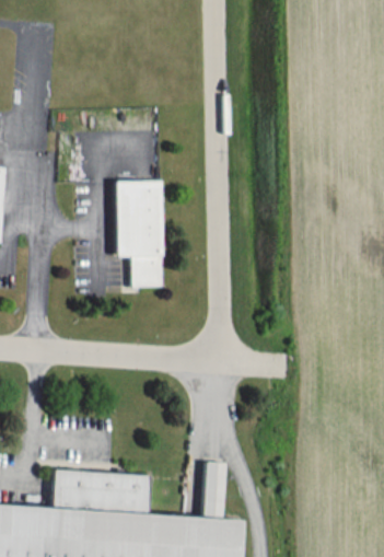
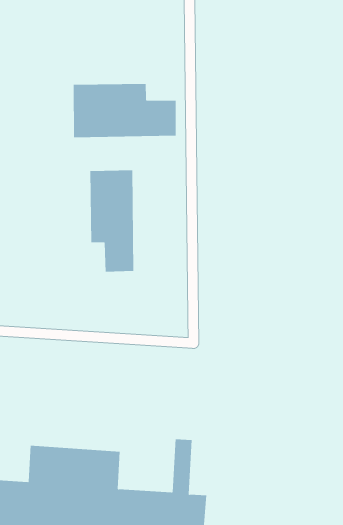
building: none -> [73,83,176,138]

